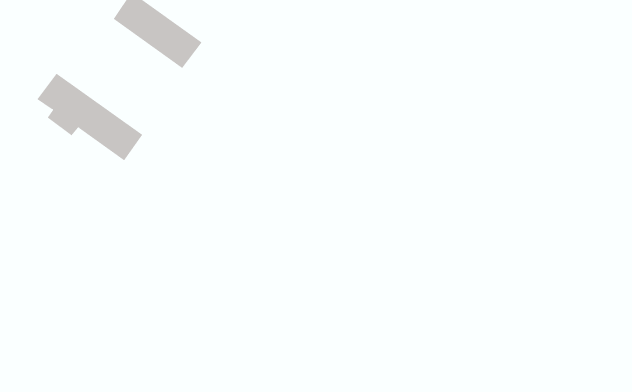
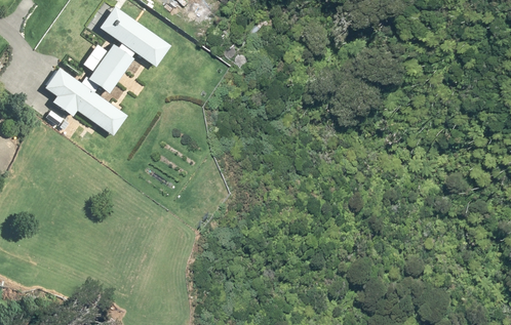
building: none -> [90,42,134,90]

